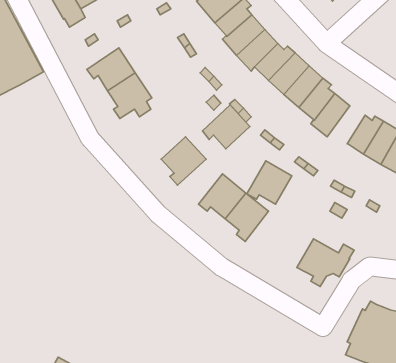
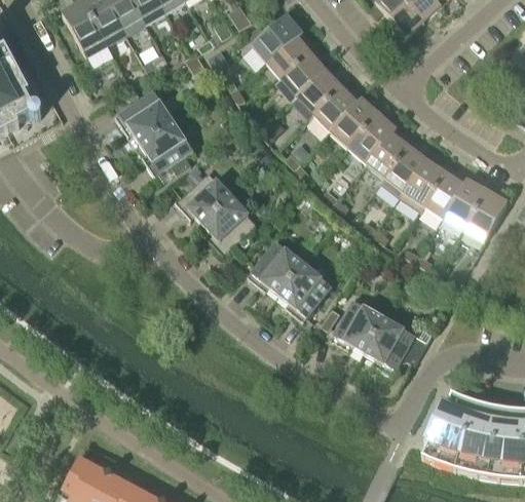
building: [202,105,250,149] -> [175,170,231,223]
building: none -> [400,159,445,209]
building: [247,161,292,204] -> [330,300,383,351]

